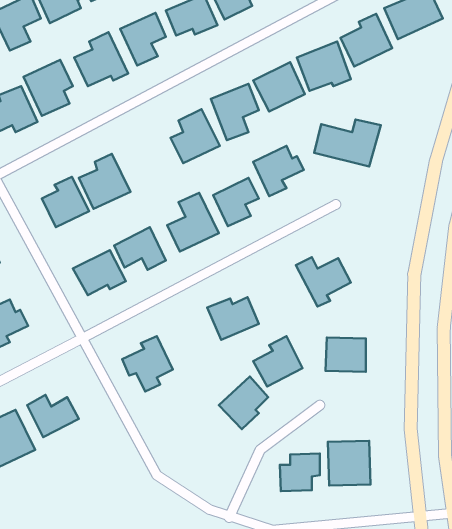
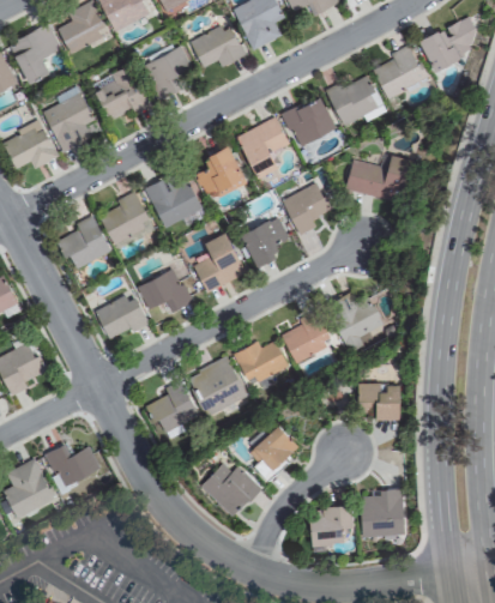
building: none -> [145,173,203,228]
building: none -> [187,356,247,415]
building: [253,336,303,387] -> [282,309,333,362]
building: none -> [200,462,261,515]

